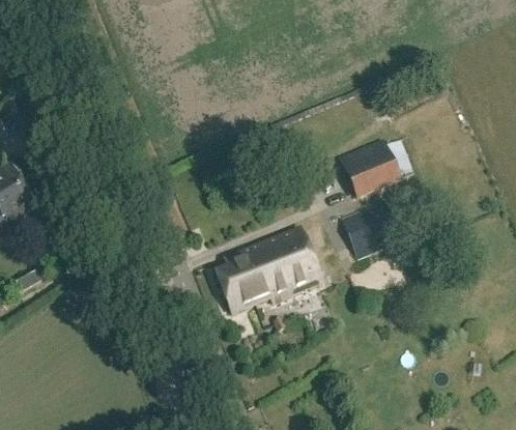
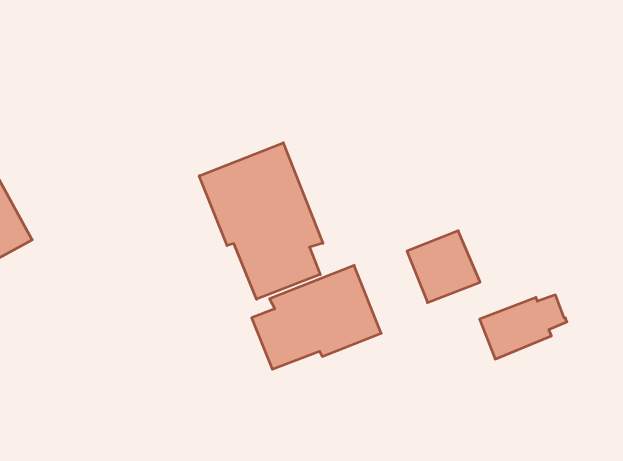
building: none -> [199,143,323,299]
building: [341,149,411,201] -> [480,295,567,359]

